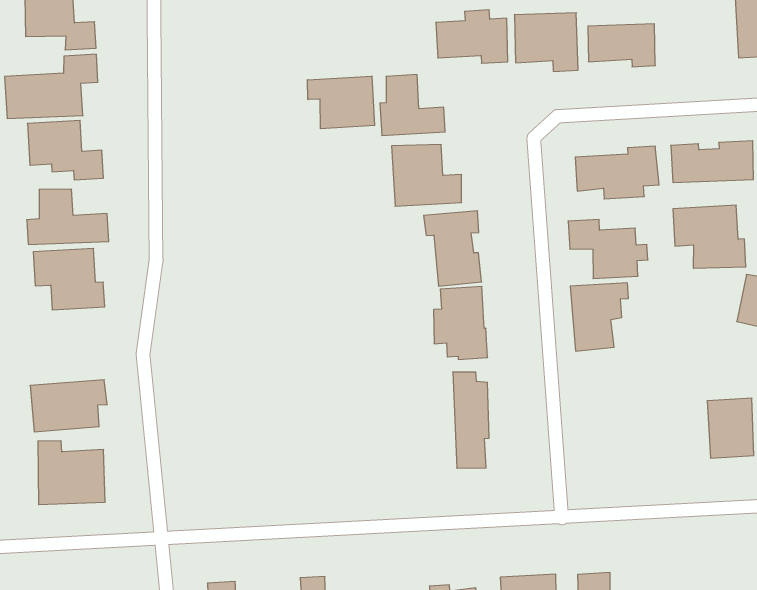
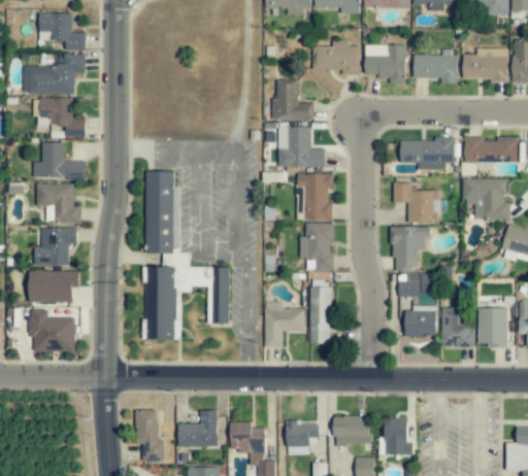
building: none -> [463,47,508,81]
building: [307,76,375,129] -> none
building: none -> [145,170,229,339]
building: none -> [34,227,77,265]
building: none -> [398,273,436,336]
building: none -> [441,307,473,346]
building: none -> [264,301,303,346]

